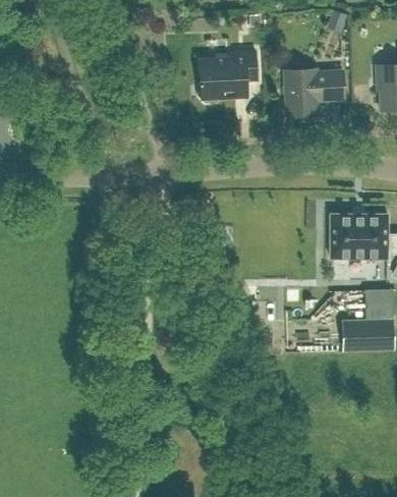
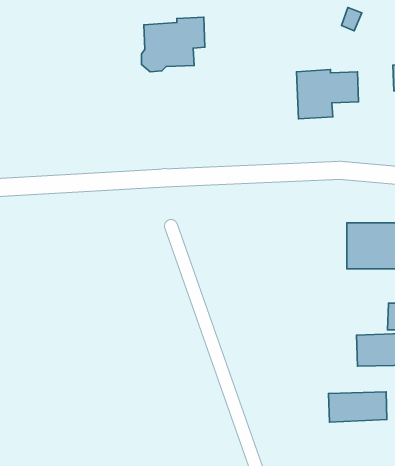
building: [196,52,257,104] -> [142,17,205,72]
building: none -> [328,392,387,422]

